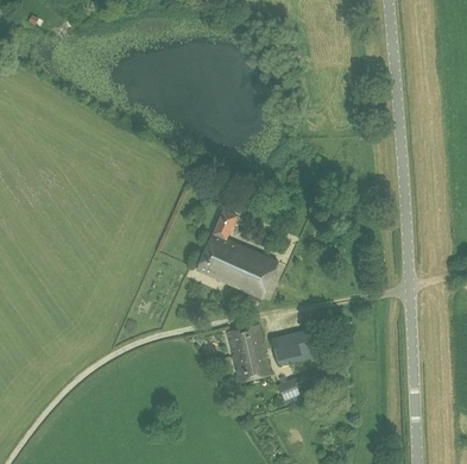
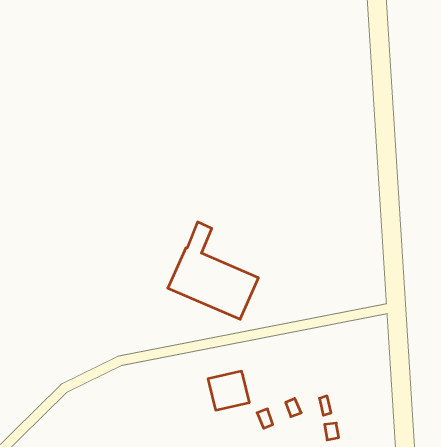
building: [227,324,263,352] -> none
building: [280,334,313,360] -> none

